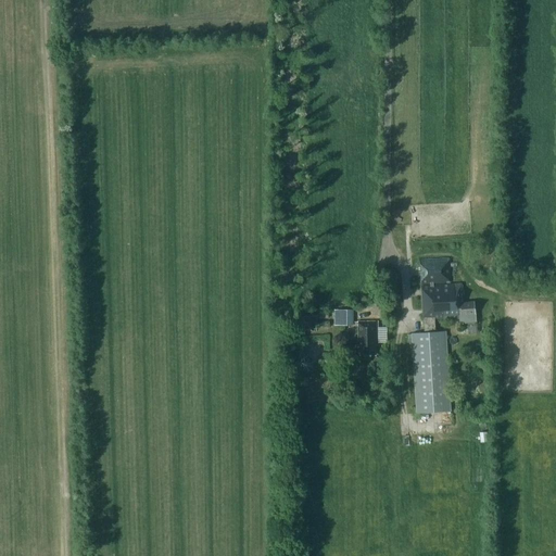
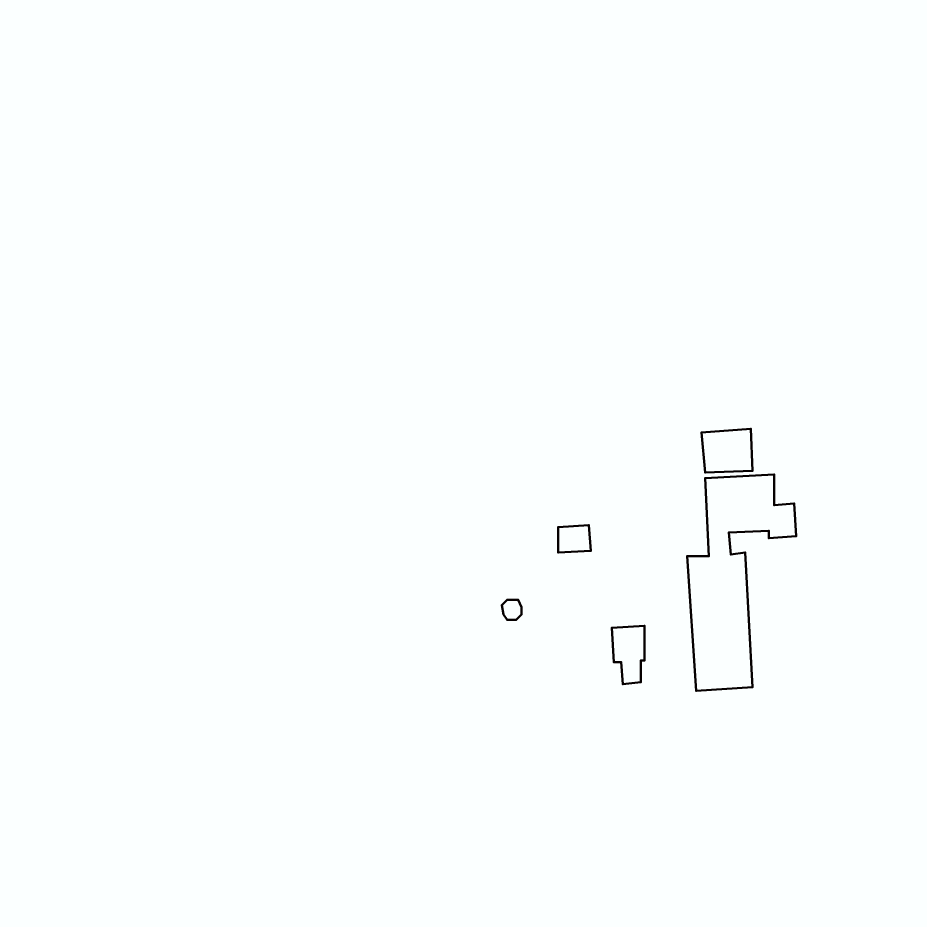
building: [358,321,378,356] -> [612,626,645,684]

